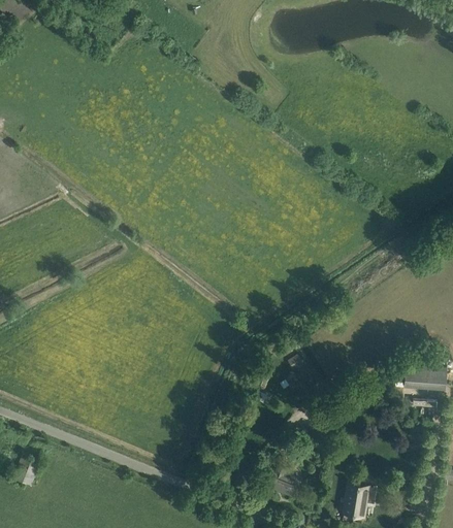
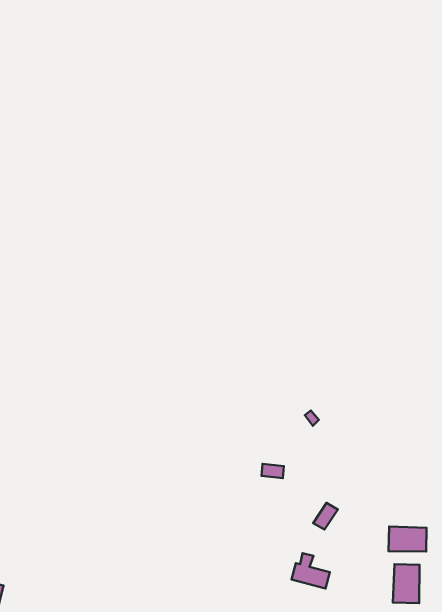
building: none -> [389,527,426,551]

